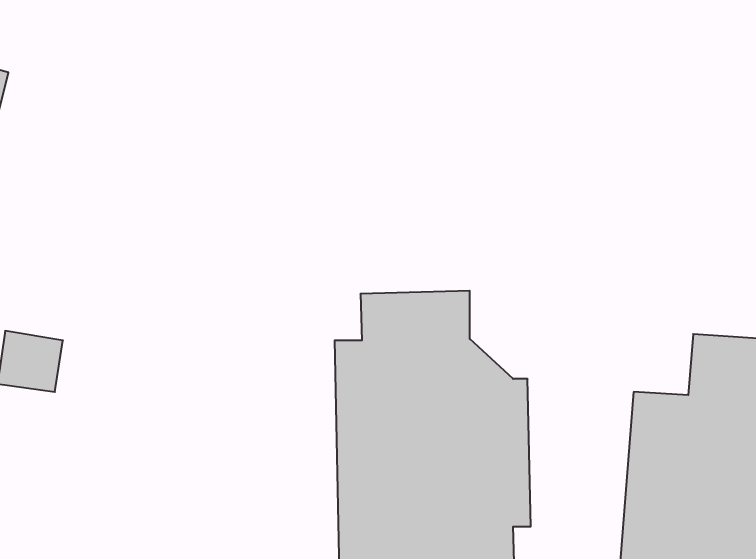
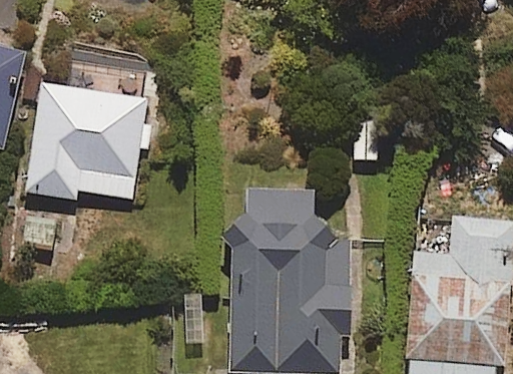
building: none -> [26,82,146,200]

